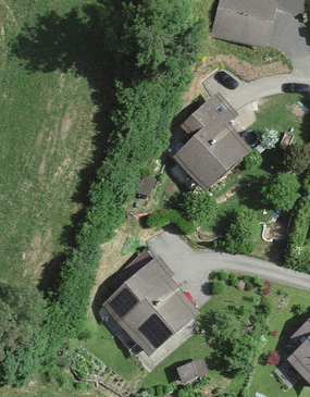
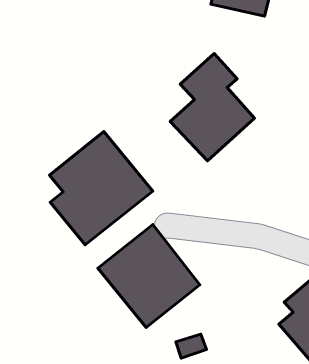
building: none -> [49,132,153,245]

